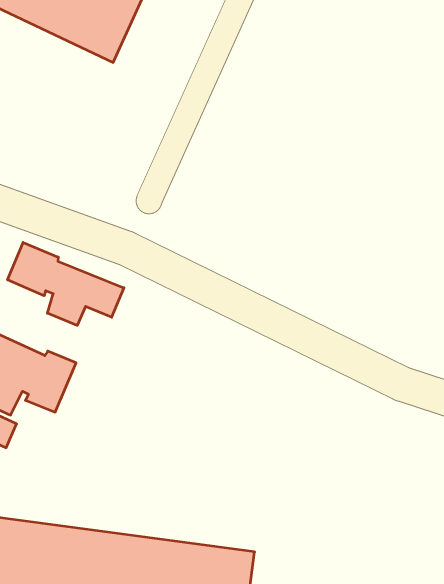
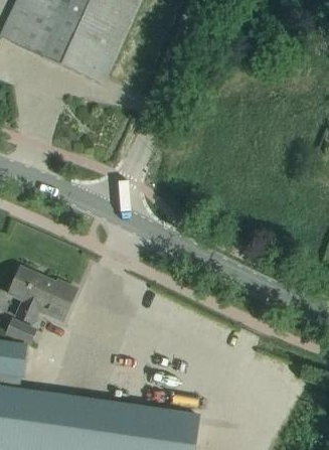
building: [8,242,124,325] -> none

